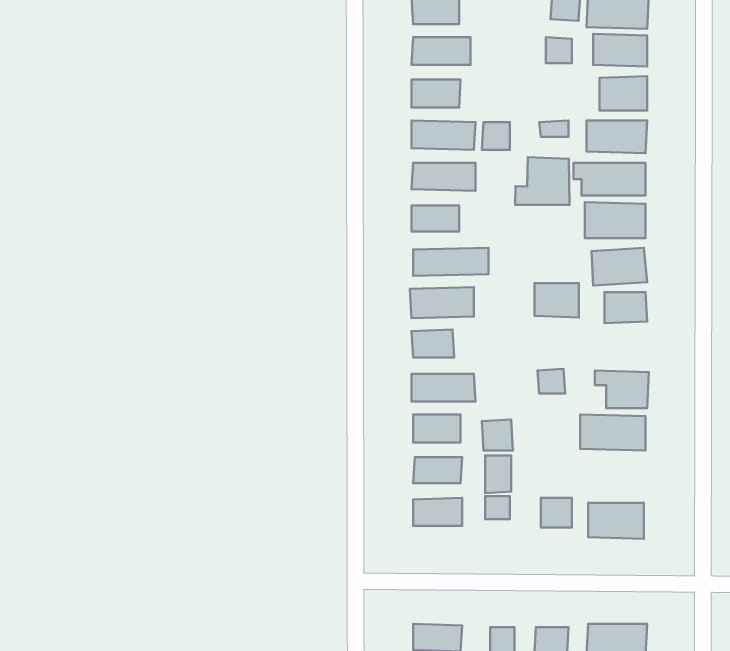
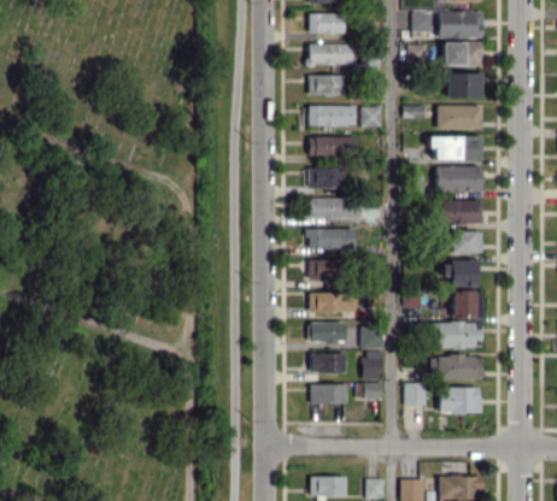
building: [515,157,570,205] -> none
building: [535,283,579,317] -> [445,261,477,287]
building: none -> [430,355,482,379]

